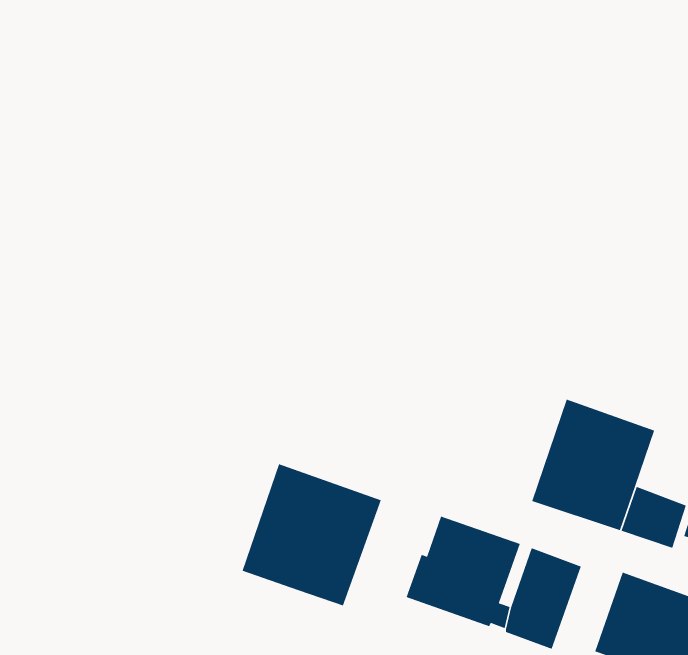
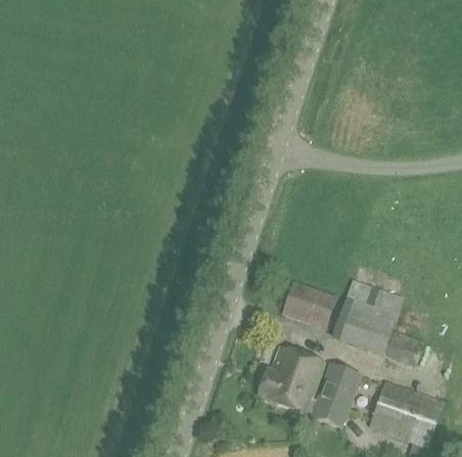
building: none -> [281,281,337,328]
building: [242,463,382,607] -> none

